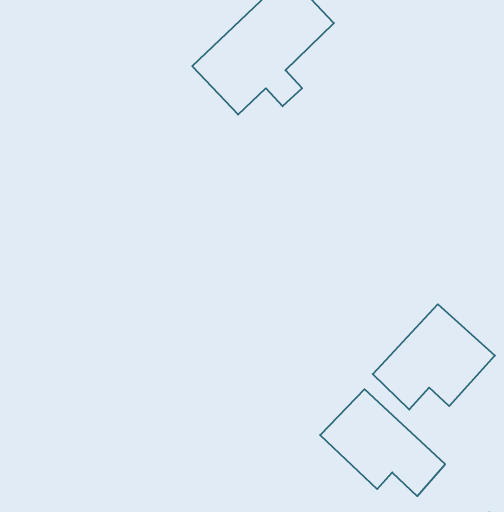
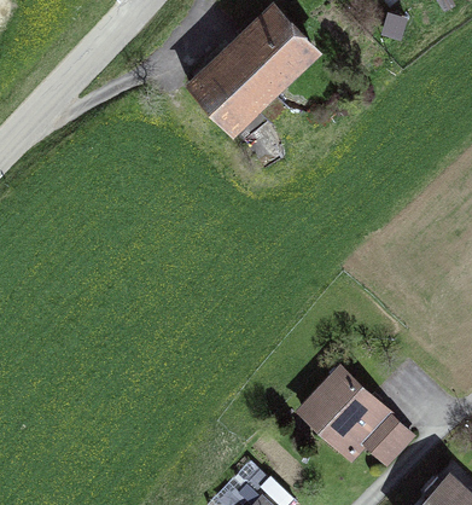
building: [373,304,495,410] -> none

